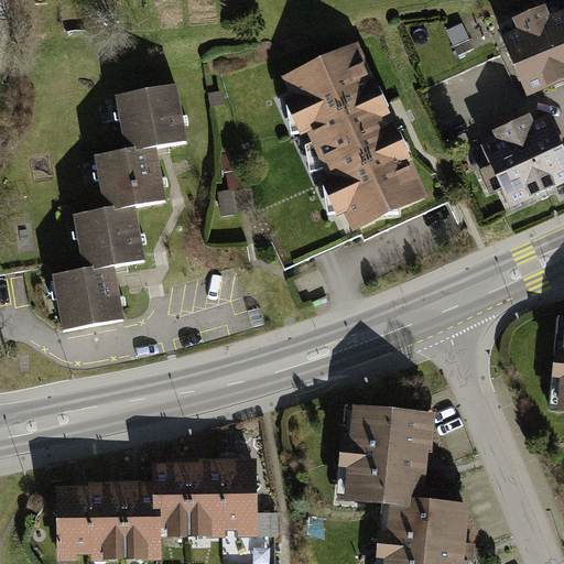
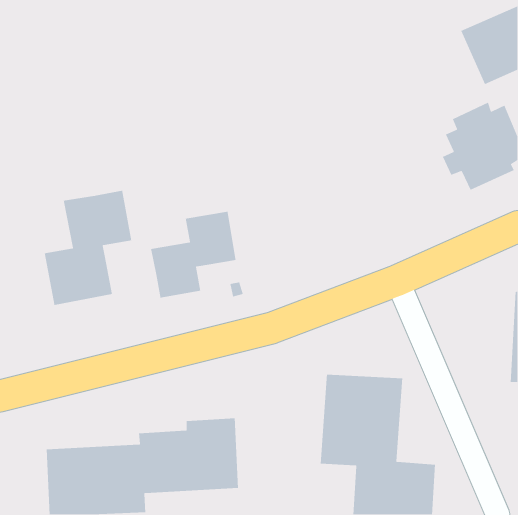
building: [281,42,432,236] -> none
building: [91,82,183,212] -> none
building: none -> [150,211,237,298]

